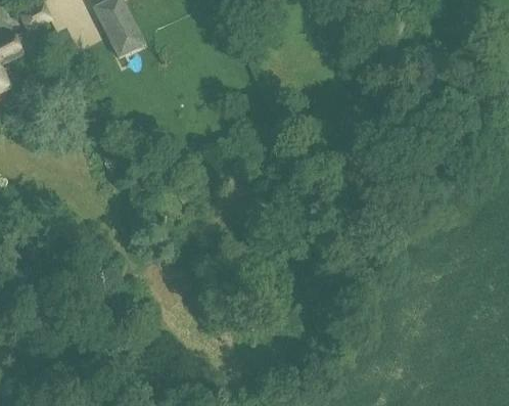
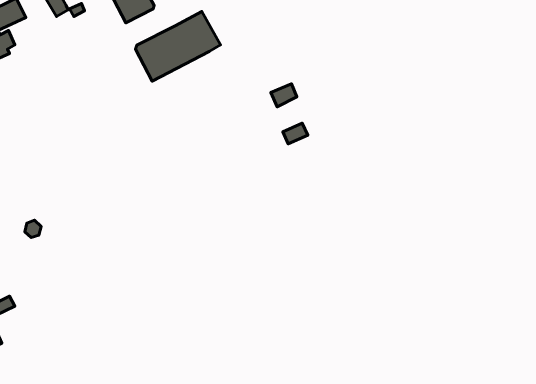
building: none -> [135,11,221,81]

